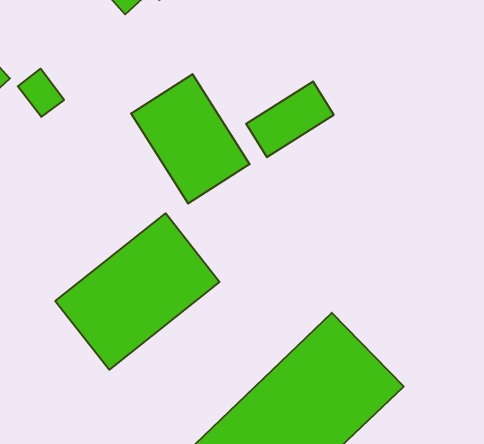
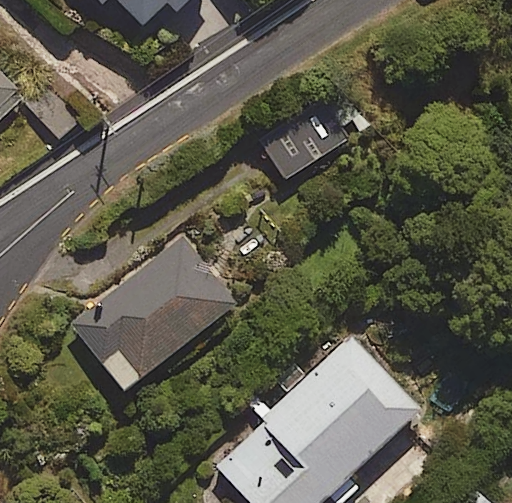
building: [131,74,250,204] -> none

